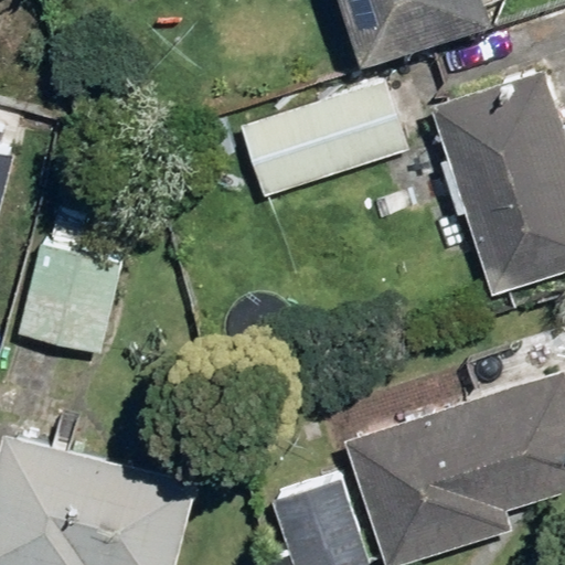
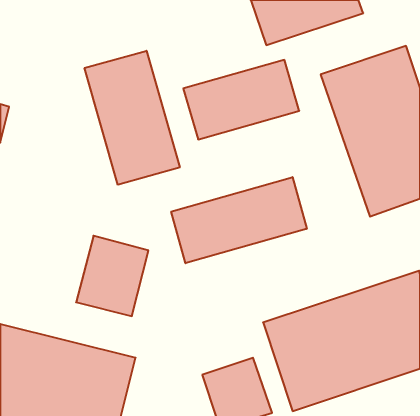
building: none -> [85,51,180,185]
building: [23,237,120,345] -> [76,236,148,316]
building: none -> [171,177,307,263]

